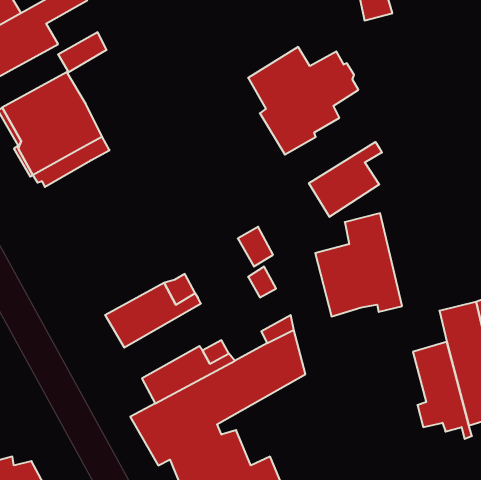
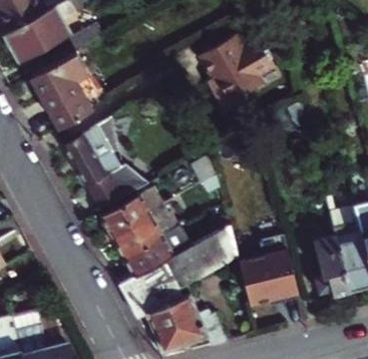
building: [309,142,382,217] -> none
building: none -> [64,122,145,212]
building: [315,213,402,316] -> [241,238,300,308]
building: none -> [115,210,177,261]

